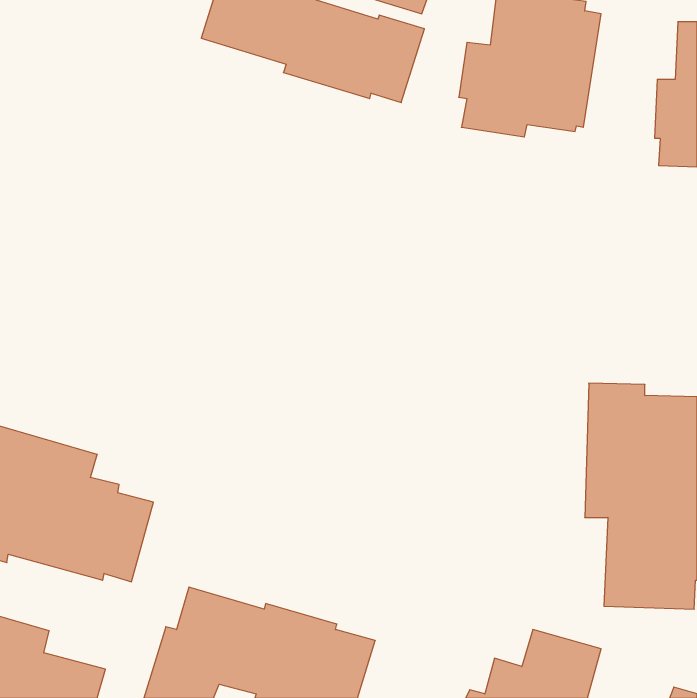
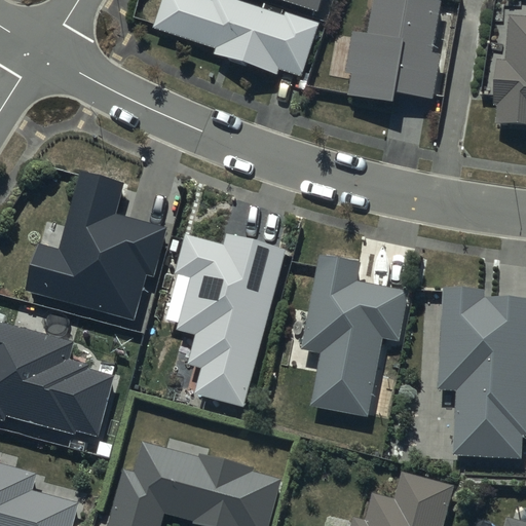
building: none -> [26,171,165,320]
building: none -> [173,234,286,407]
building: none -> [300,255,407,416]

